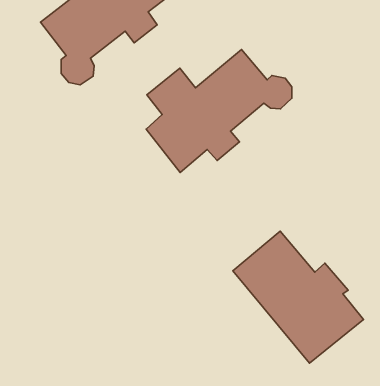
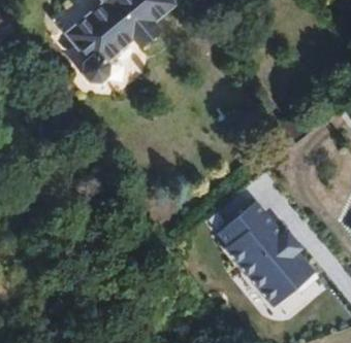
building: [146,49,292,172] -> none

